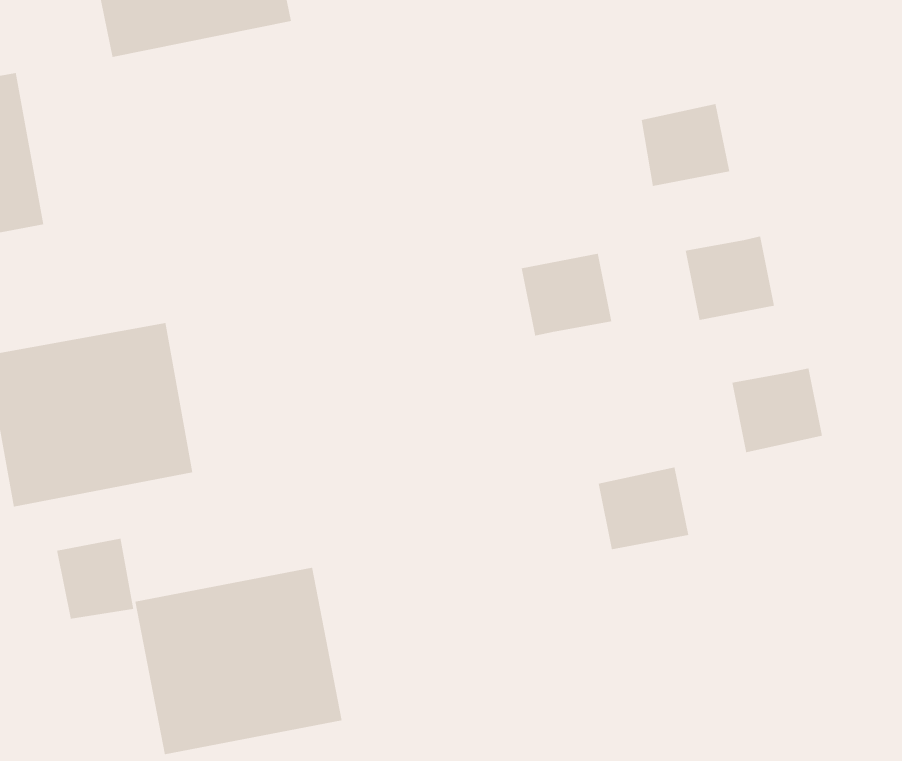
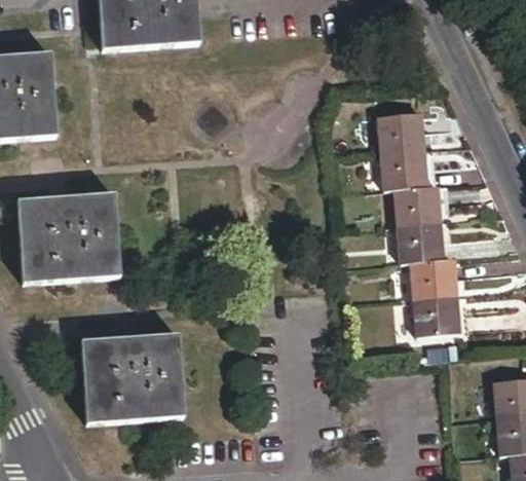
building: [521,253,612,336] -> [381,148,426,188]
building: none -> [398,222,442,261]
building: [598,467,689,550] -> [414,294,459,334]
building: [57,538,134,619] -> none

